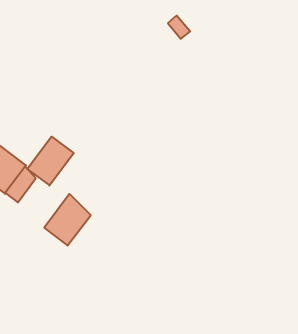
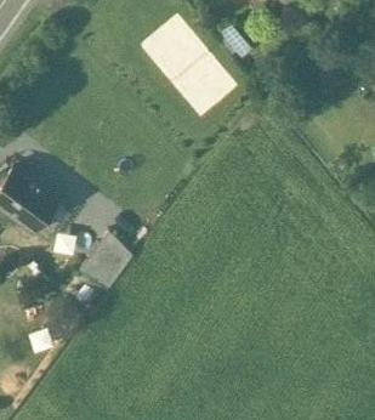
building: [27,137,74,186] -> none

